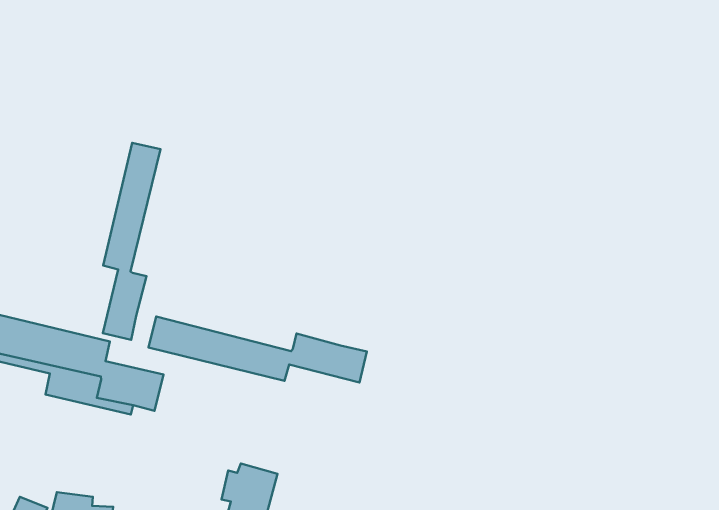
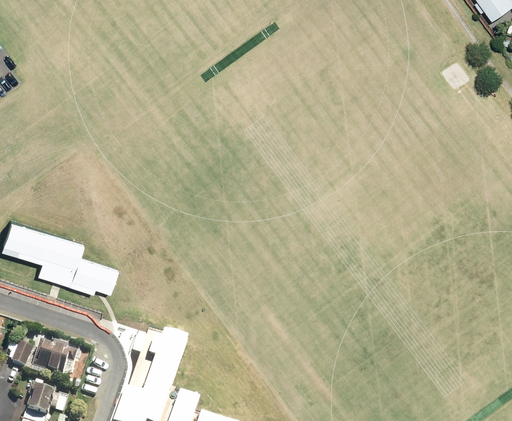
building: [103,143,160,340] -> none
building: [149,316,367,382] -> none

